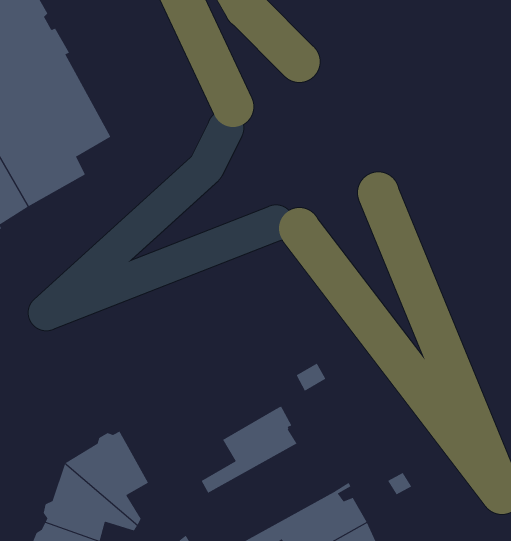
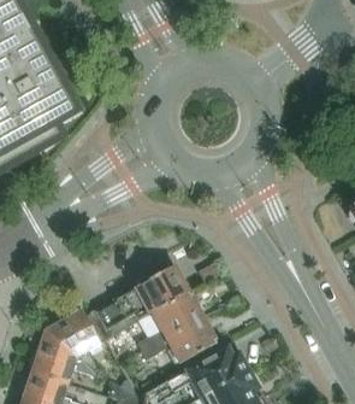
building: none -> [89,265,188,340]
building: none -> [141,317,218,364]

